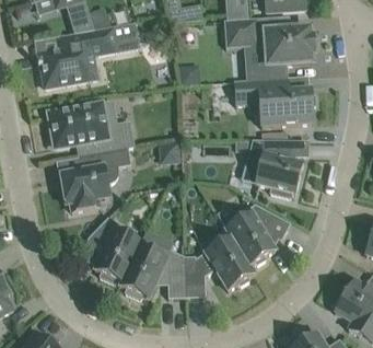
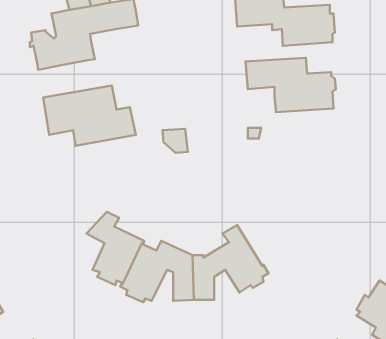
building: [245,139,303,197] -> none
building: [60,148,130,211] -> none
building: [225,204,290,266] -> none

